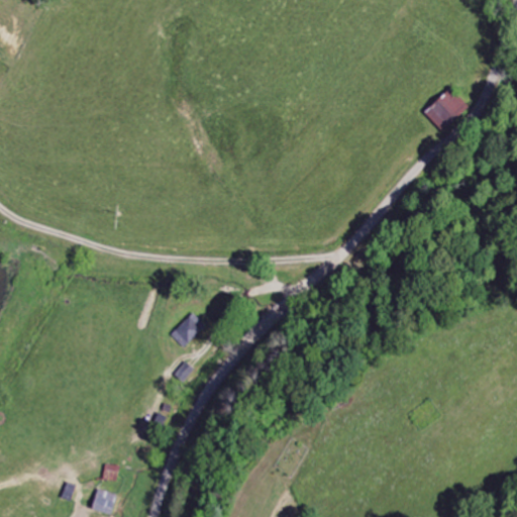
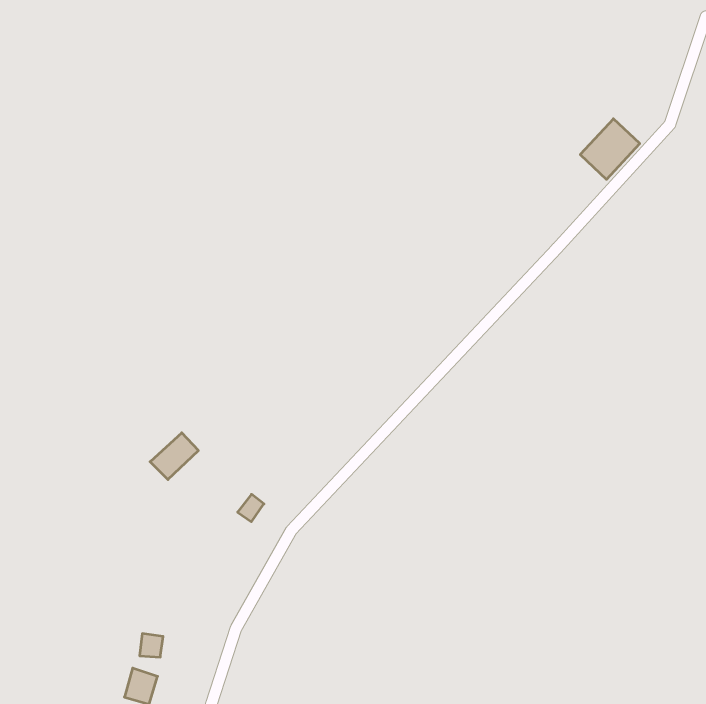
building: [170,313,205,347] -> [150,433,198,480]

